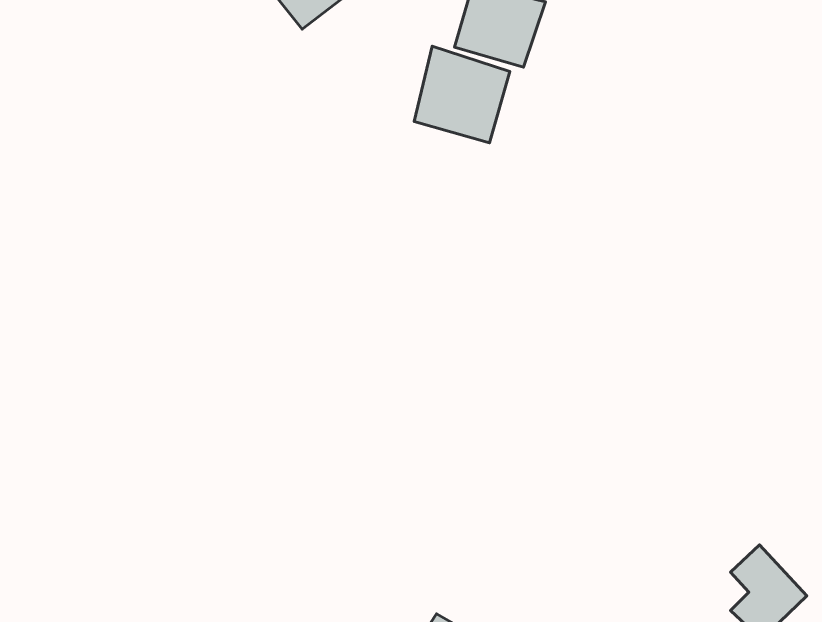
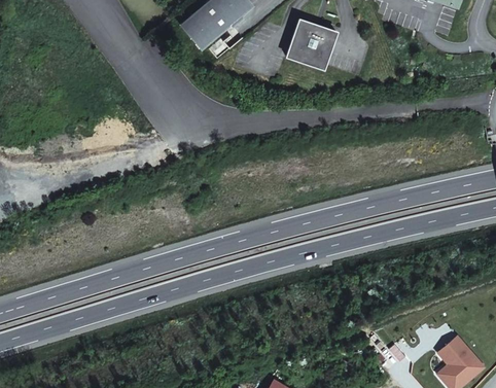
building: [414,46,510,143] -> none

